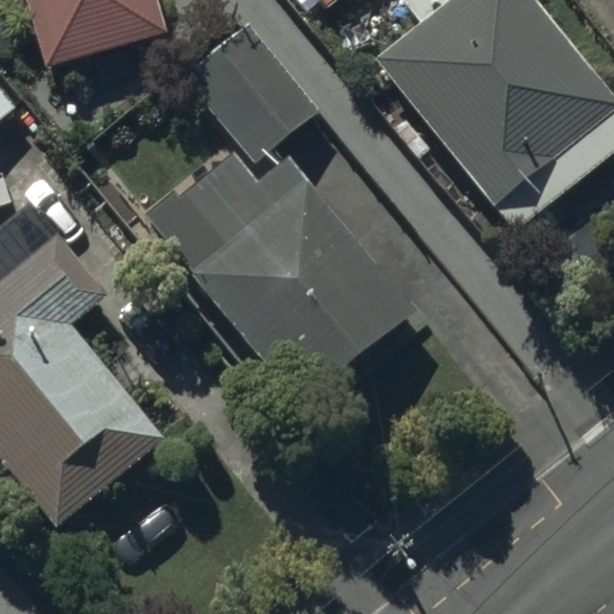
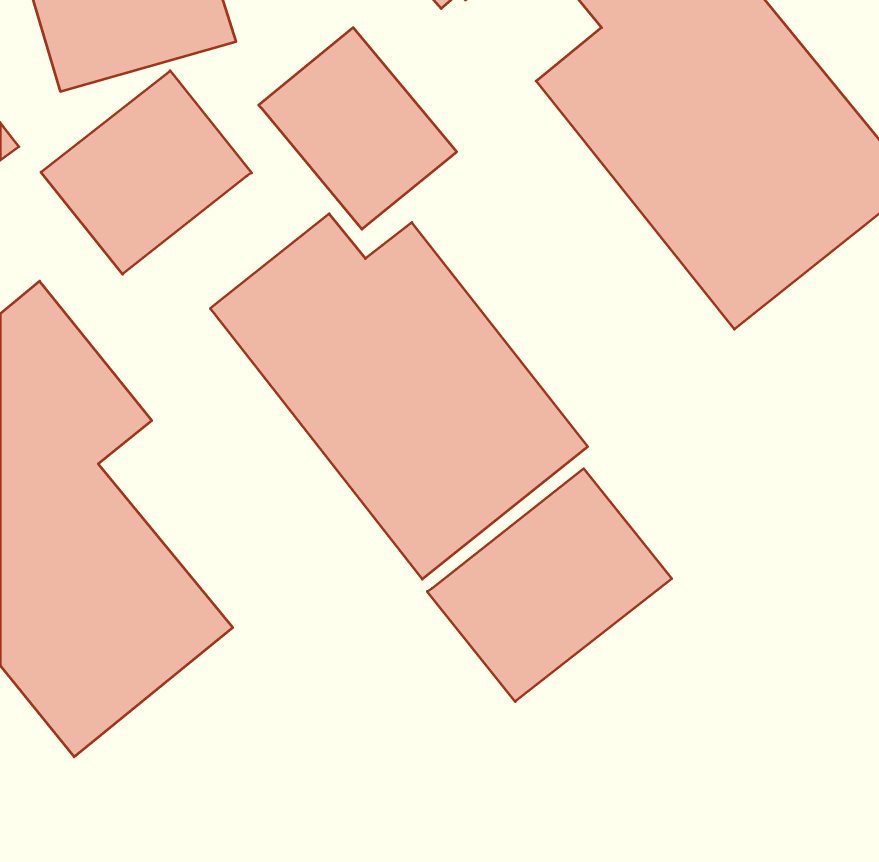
building: none -> [41,71,252,274]
building: none -> [427,469,672,702]

